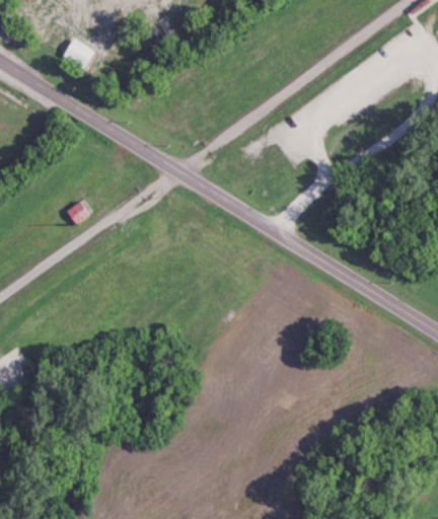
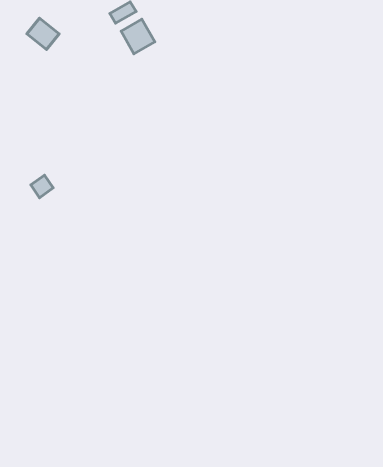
building: none -> [121,19,155,54]

